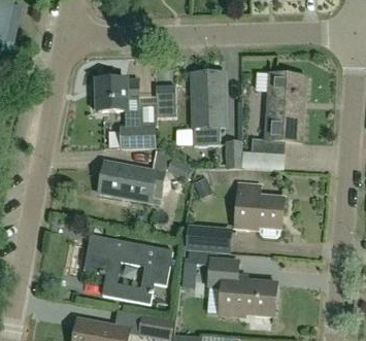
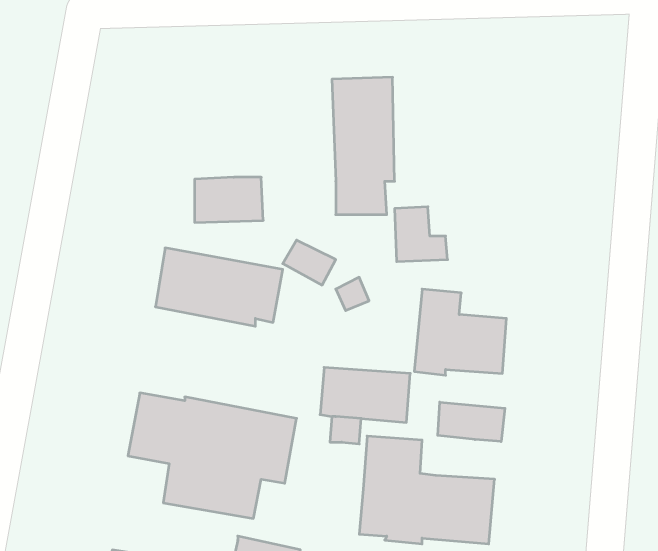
building: [252,72,306,152] -> none
building: [97,77,140,118] -> none
building: [156,83,176,116] -> none
building: none -> [438,402,505,442]

